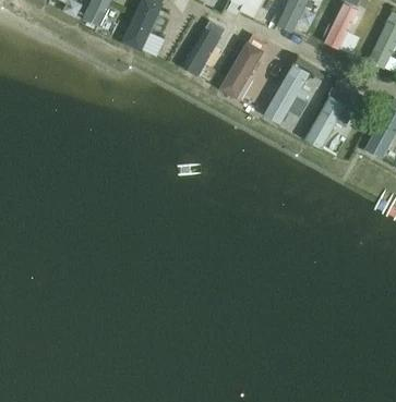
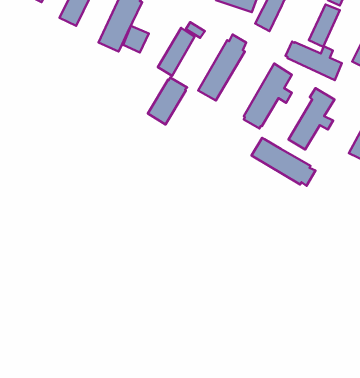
building: none -> [286,42,342,80]
building: none -> [148,77,187,124]
building: none -> [251,138,315,186]

